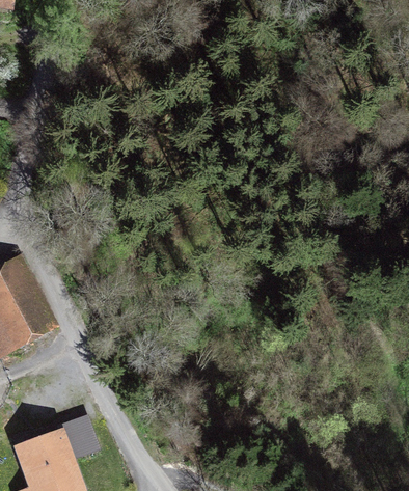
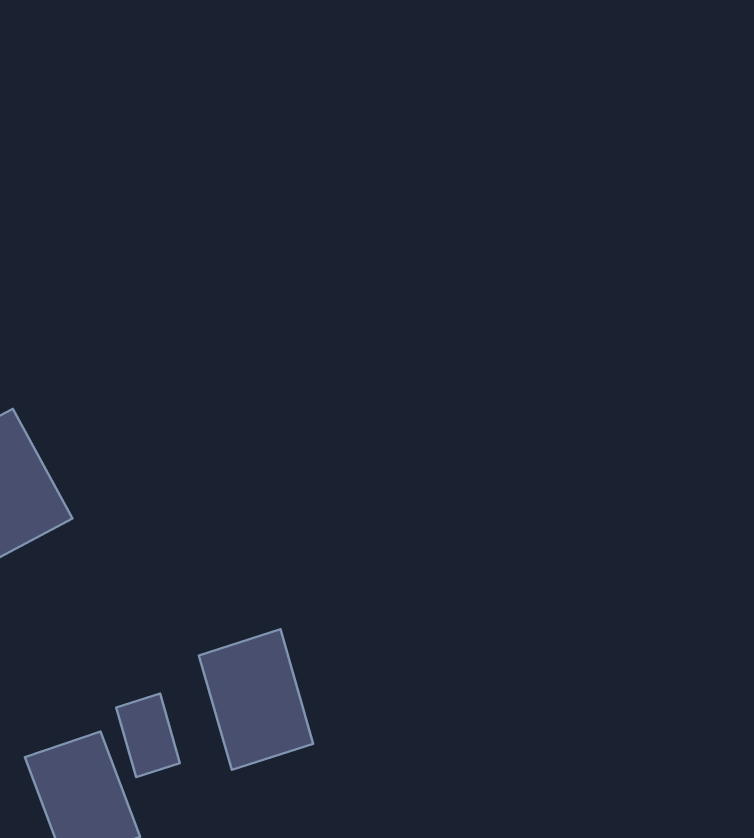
building: none -> [199,629,313,770]

